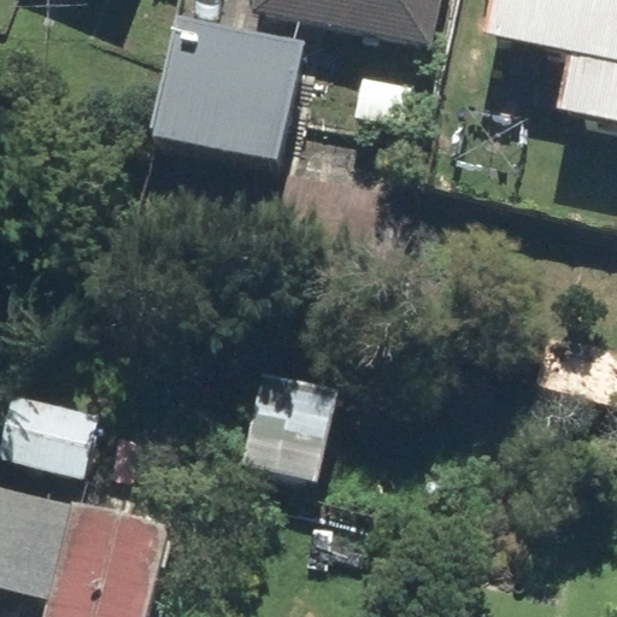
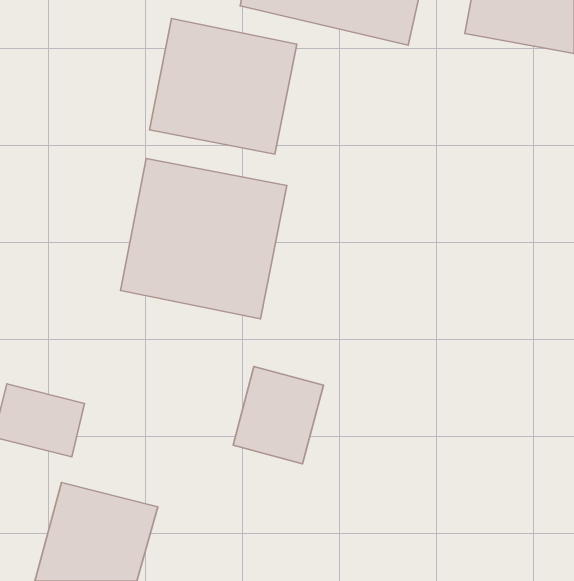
building: none -> [120,159,287,319]

